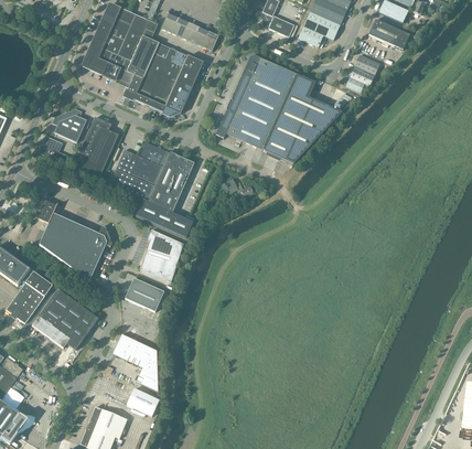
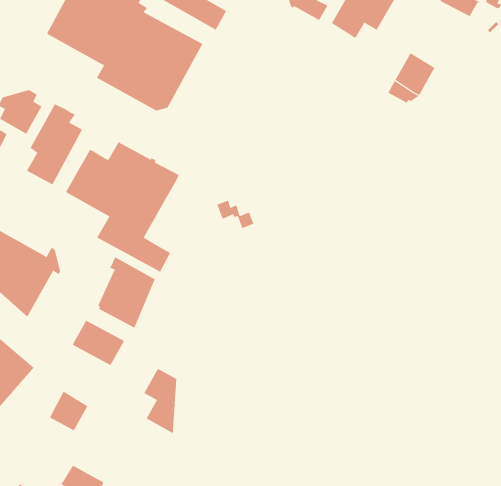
building: [363,19,409,58] -> none
building: [215,55,342,163] -> none
building: [132,343,158,392] -> [144,368,177,434]

